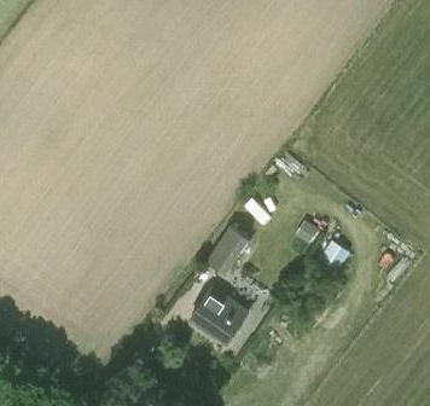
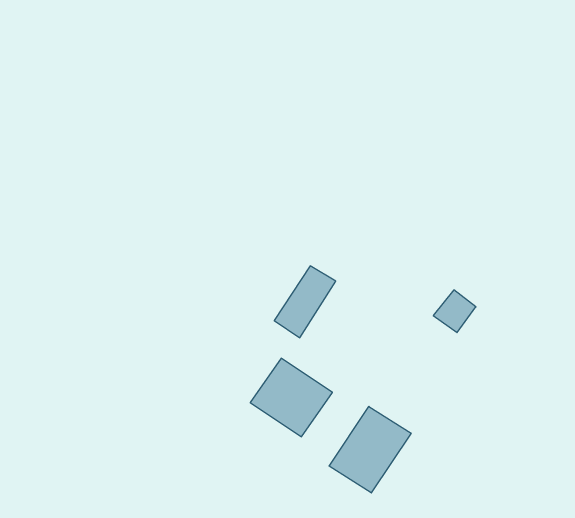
building: none -> [329,406,411,493]

